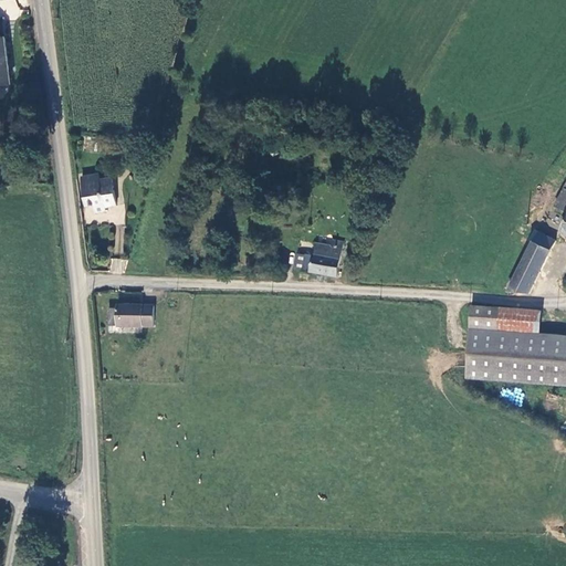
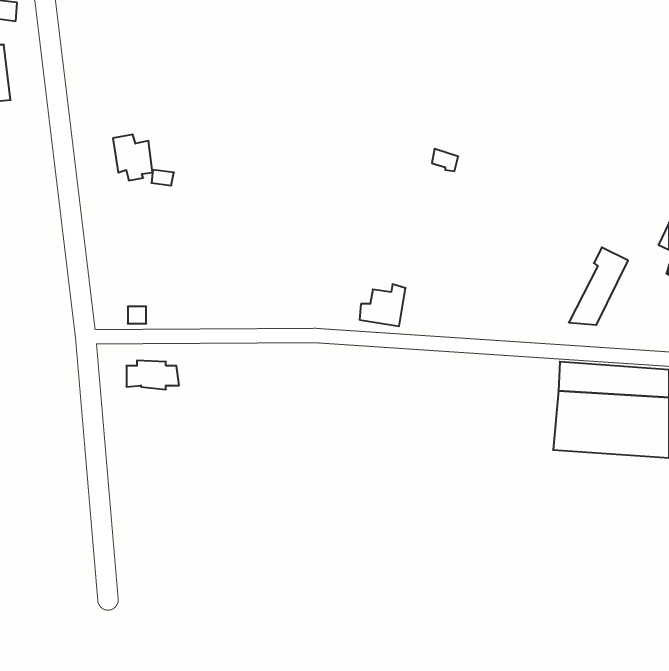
building: [80,174,113,212] -> [113,134,152,180]
building: [505,228,555,293] -> [569,247,628,325]

